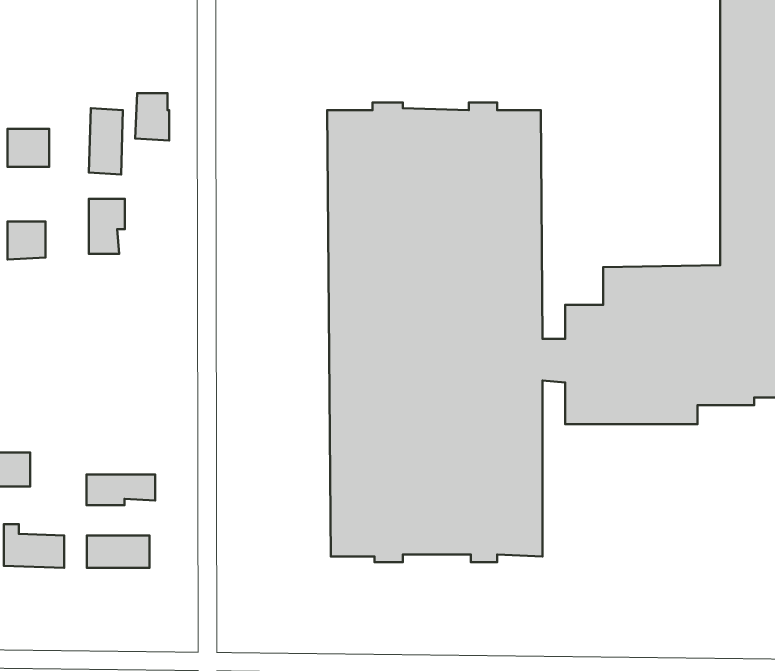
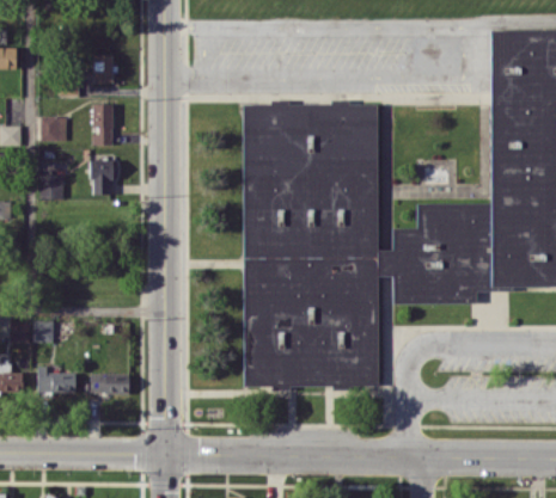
building: [135,93,169,140] -> [94,55,116,85]
building: [86,474,155,505] -> none

